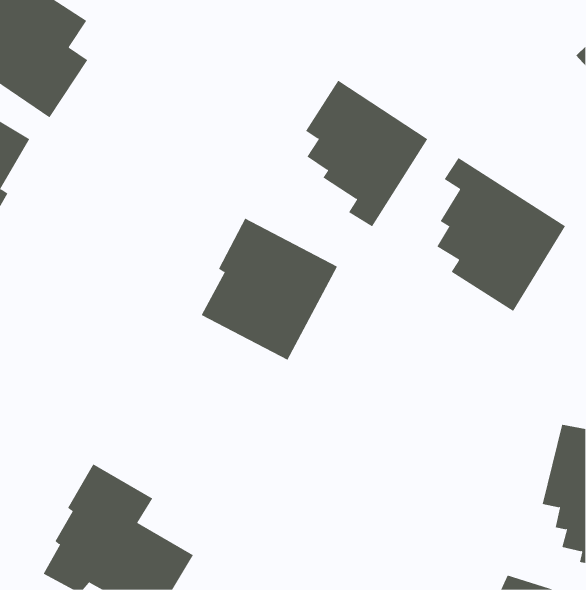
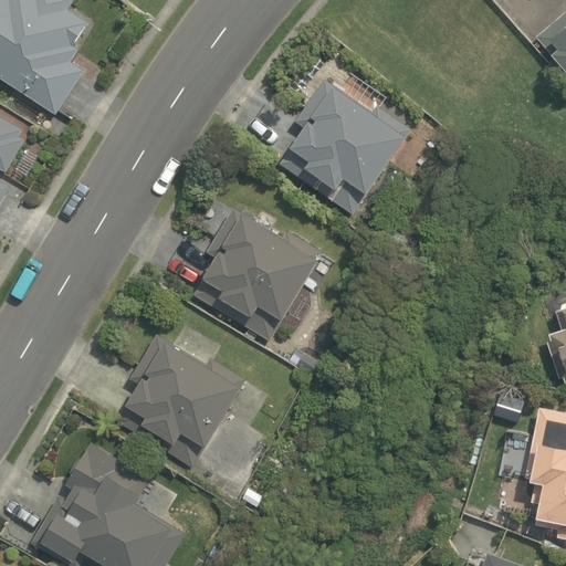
building: [437,157,566,312] -> none
building: none -> [114,334,243,469]

